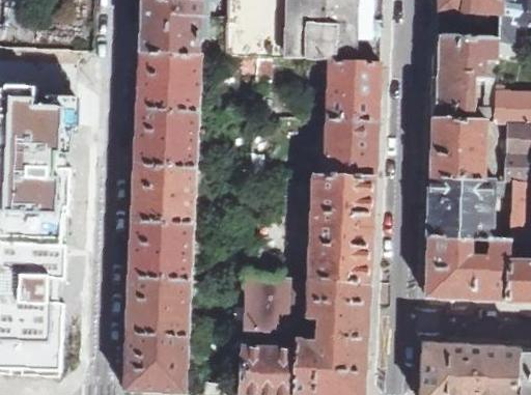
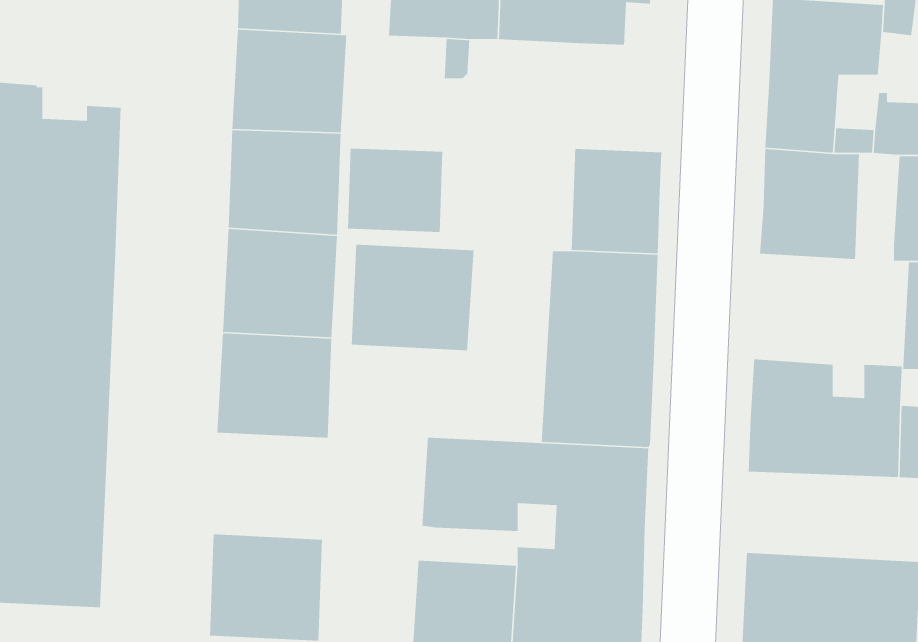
building: [327,60,379,120] -> none
building: none -> [347,148,443,233]
building: none -> [351,244,474,351]
building: [426,177,494,238] -> none
building: [125,277,190,336] -> none

